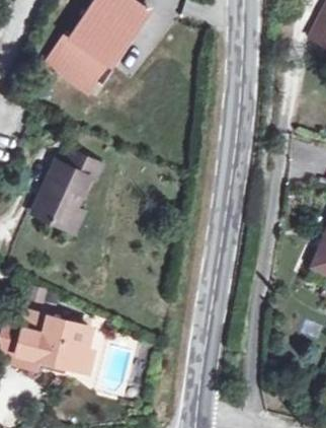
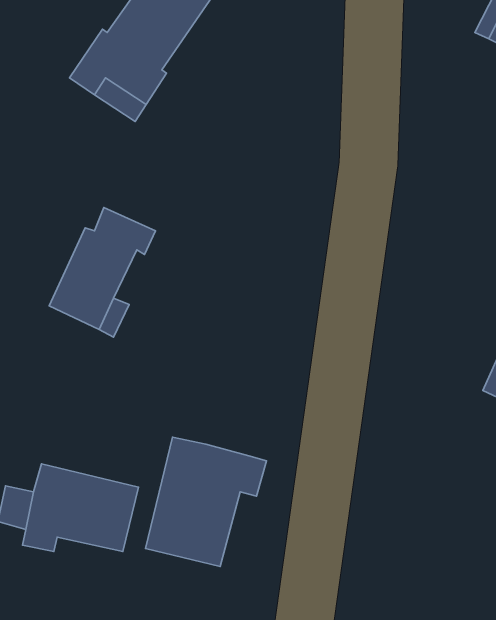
building: none -> [145,437,267,567]

